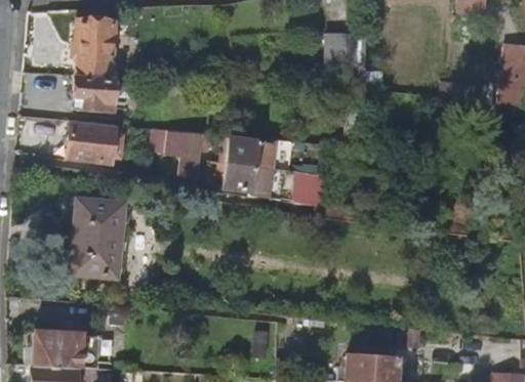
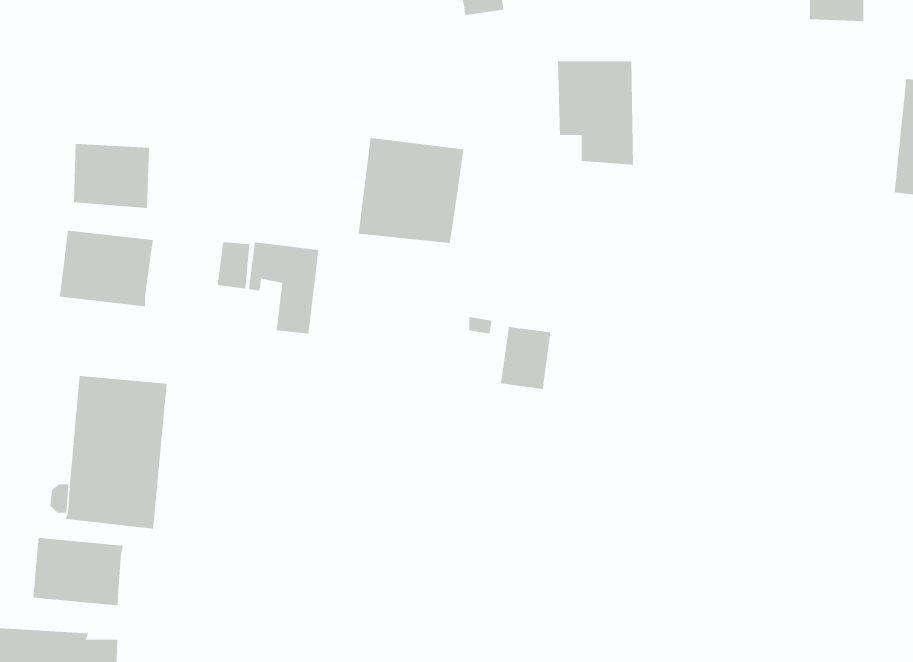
building: [77,20,116,76] -> none
building: [221,137,277,193] -> [358,137,464,244]
building: none -> [33,537,124,606]

